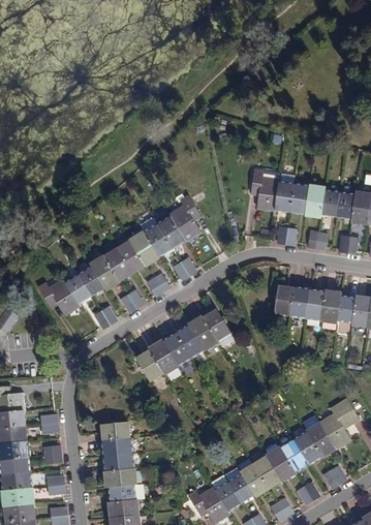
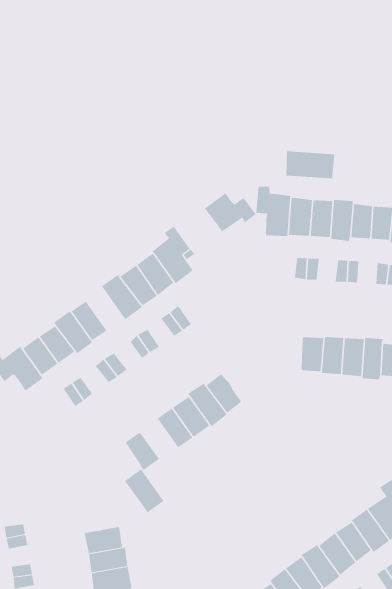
building: none -> [286,151,335,179]
building: none -> [204,193,257,232]
building: [116,239,144,271] -> none
building: [149,340,178,374] -> [124,469,164,513]

